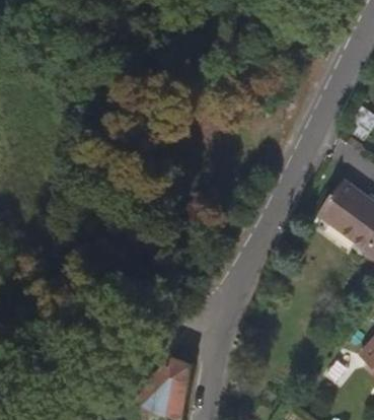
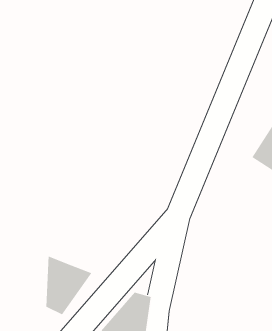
building: none -> [46,255,92,315]

